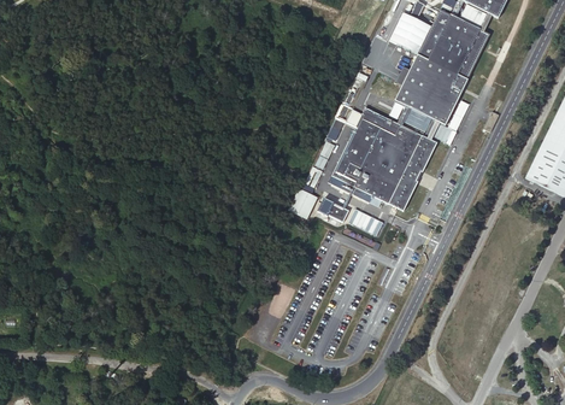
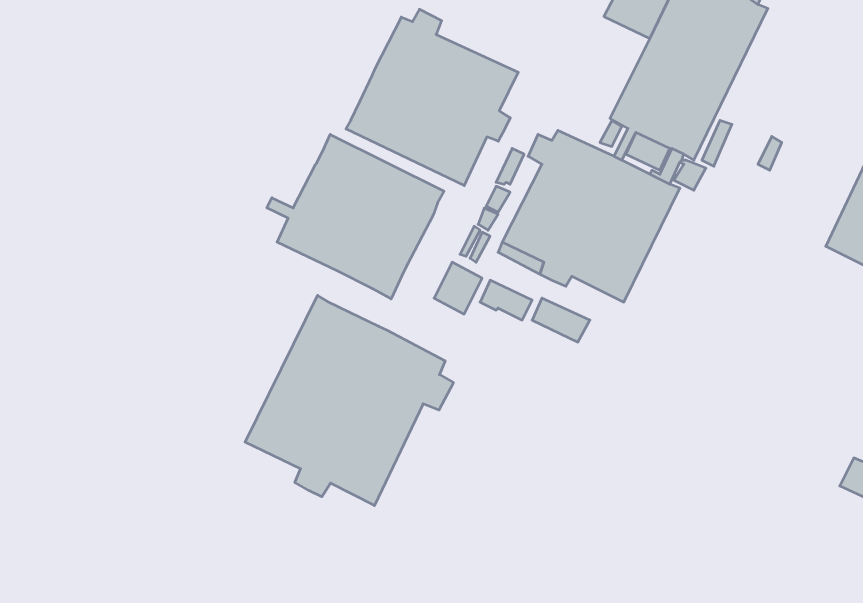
building: none -> [346,9,518,186]
building: none -> [267,134,444,299]
building: none -> [245,295,453,506]

